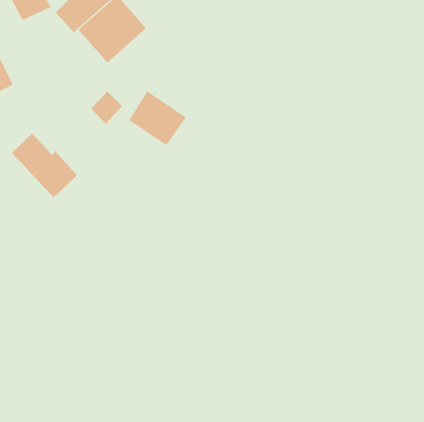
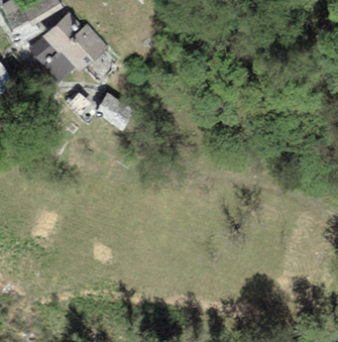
building: [11,133,78,198] -> [27,36,75,83]

